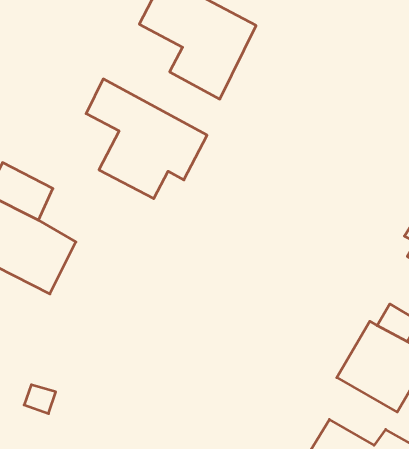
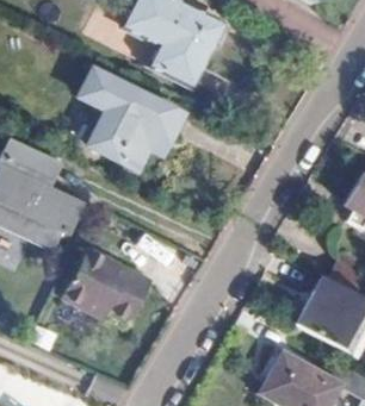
building: none -> [64,251,151,325]

